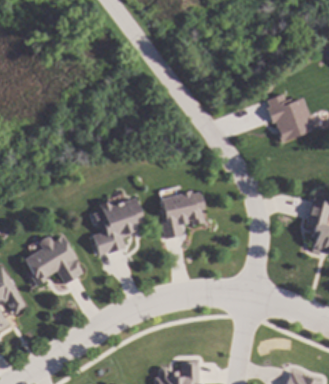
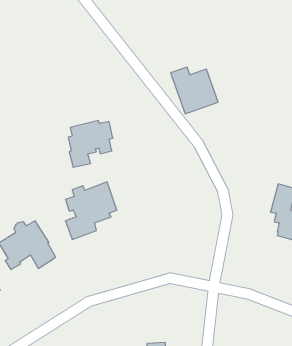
building: [263,95,312,143] -> [171,67,218,114]
building: [160,191,206,239] -> [68,121,113,167]

